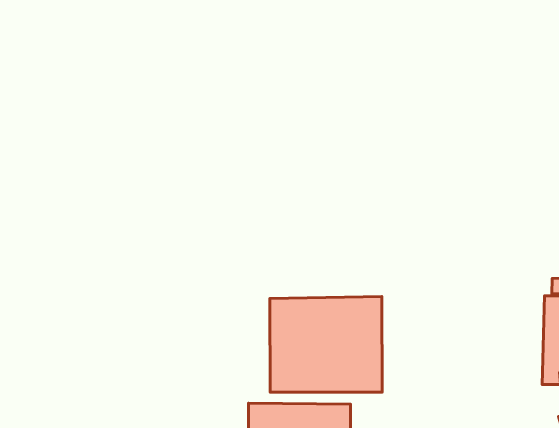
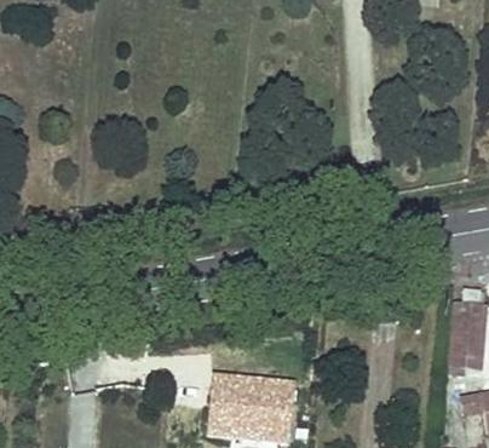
building: [270,297,382,392] -> none

